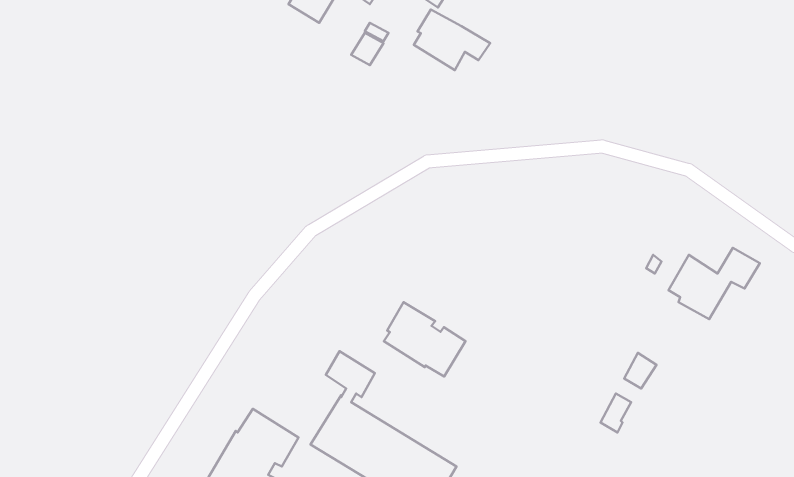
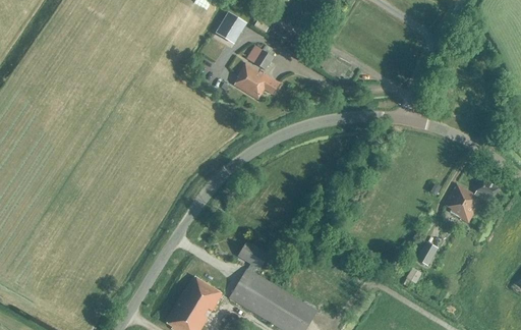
building: [414,9,490,70] -> [234,62,280,99]
building: [384,302,466,377] -> none

